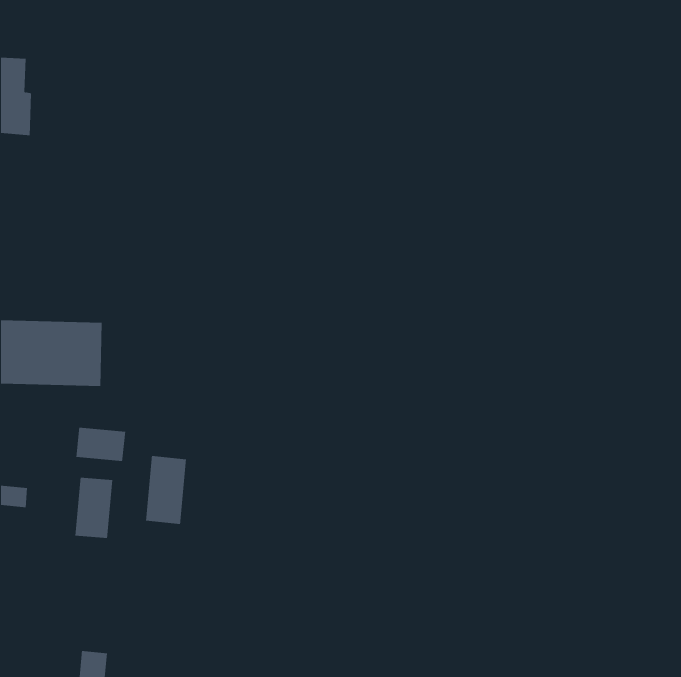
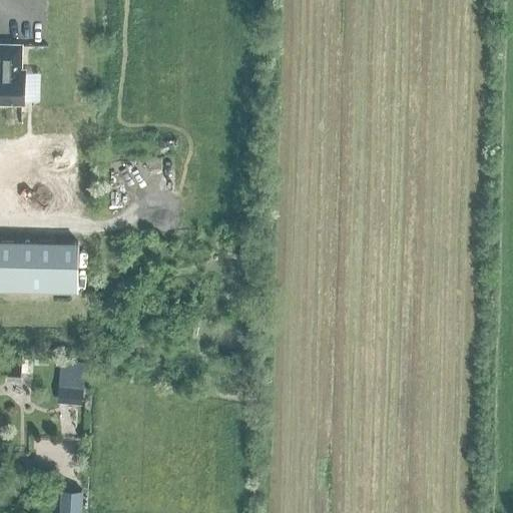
building: [76,427,126,462] -> none
building: [146,455,186,525] -> none

